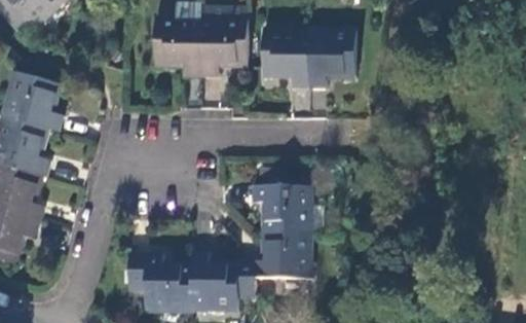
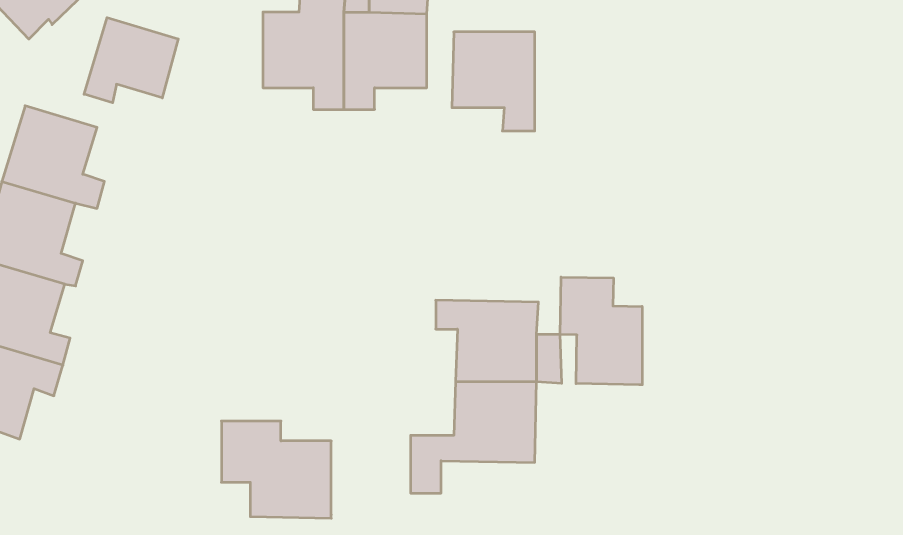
building: none -> [84,18,178,103]
building: [309,32,355,89] -> none
building: none -> [560,277,642,385]
building: [193,252,238,309] -> none

